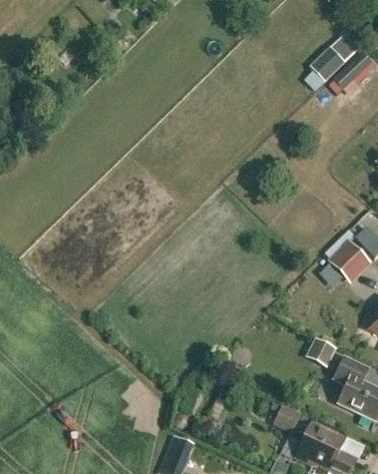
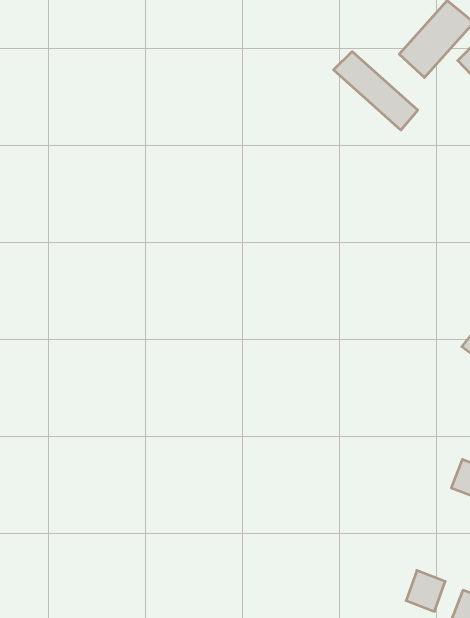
building: none -> [334,52,418,130]

